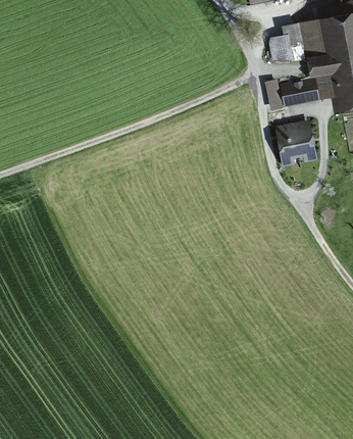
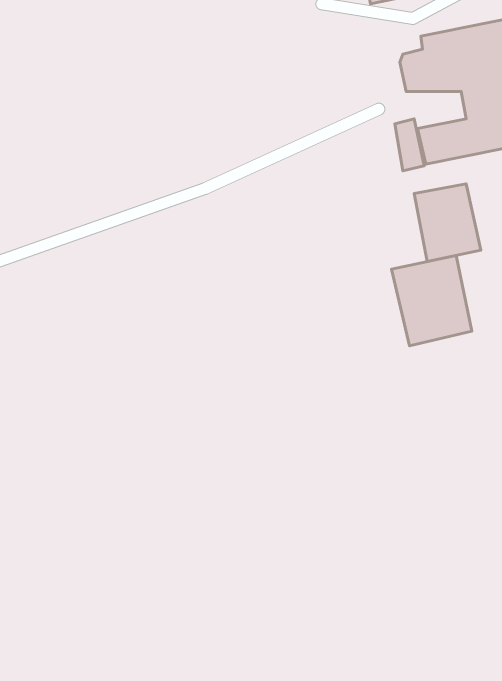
building: none -> [392,255,472,346]

